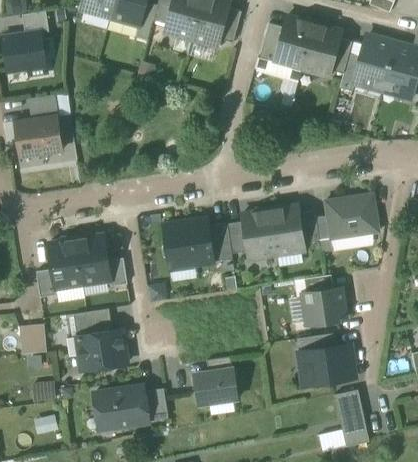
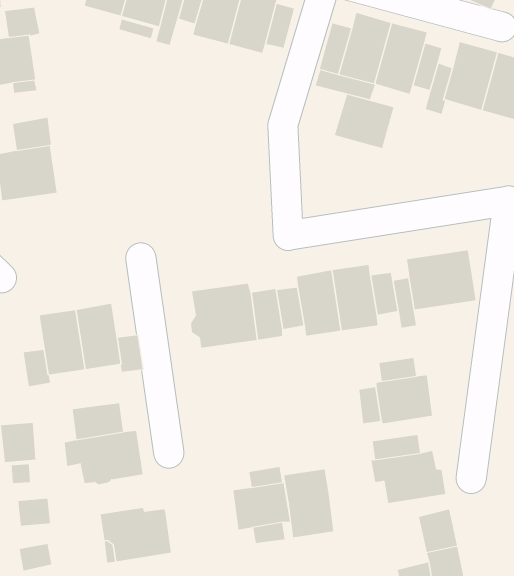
building: none -> [334,94,394,149]
building: none -> [284,469,334,538]
building: [144,389,168,421] -> none

